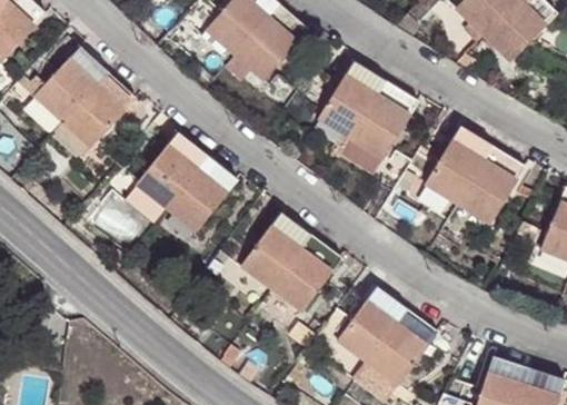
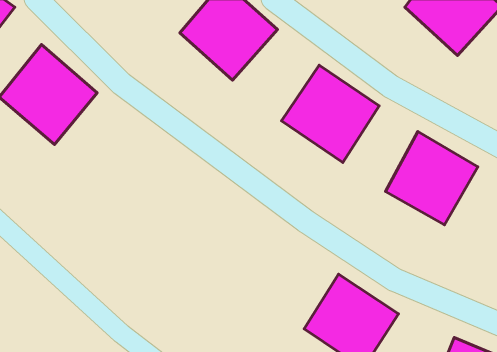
building: [130,132,232,234] -> none
building: [236,213,338,314] -> none

